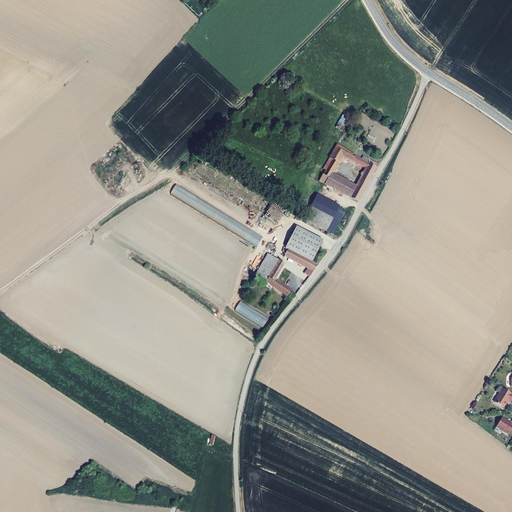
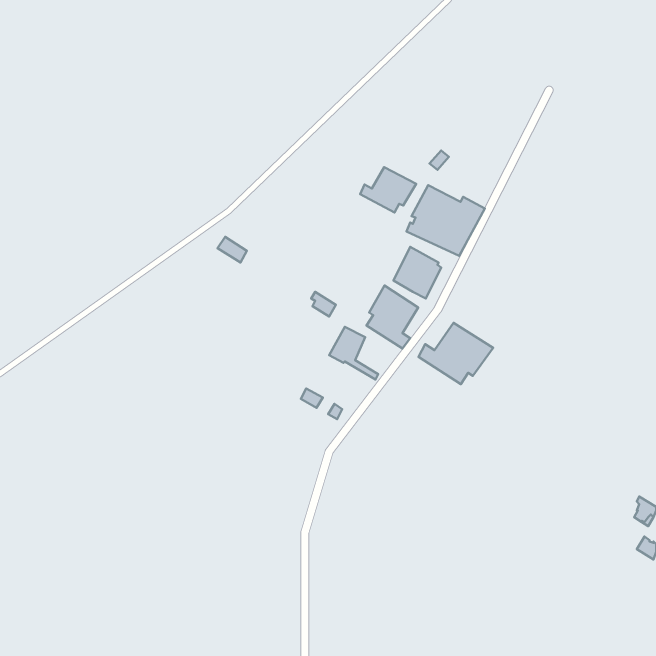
building: none -> [360,167,416,212]
building: none -> [418,323,493,384]

